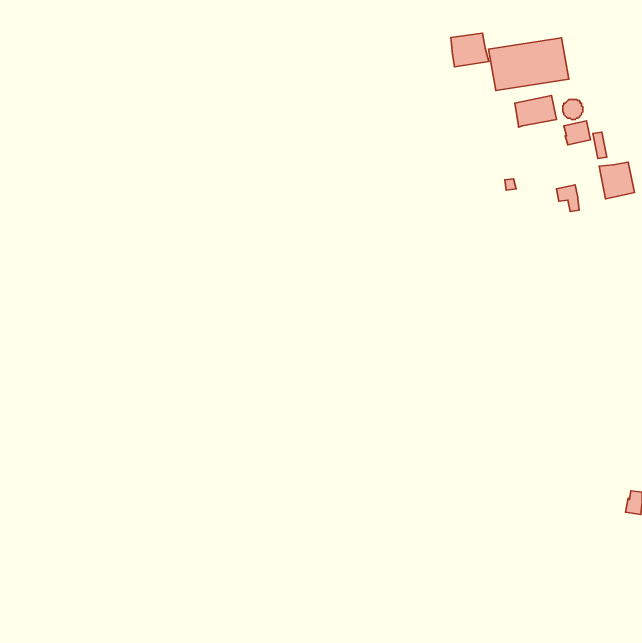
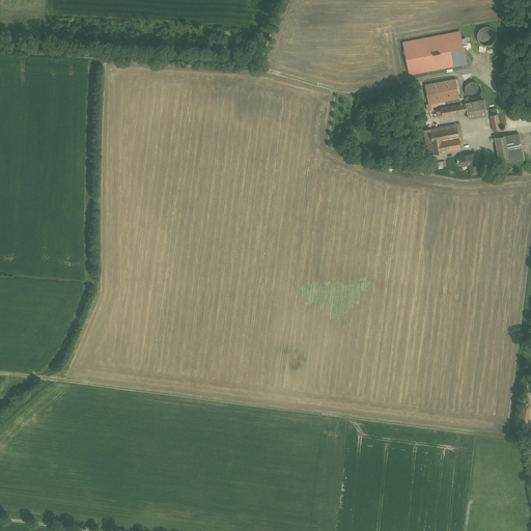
building: [451,33,489,67] -> none
building: none -> [422,123,462,156]

